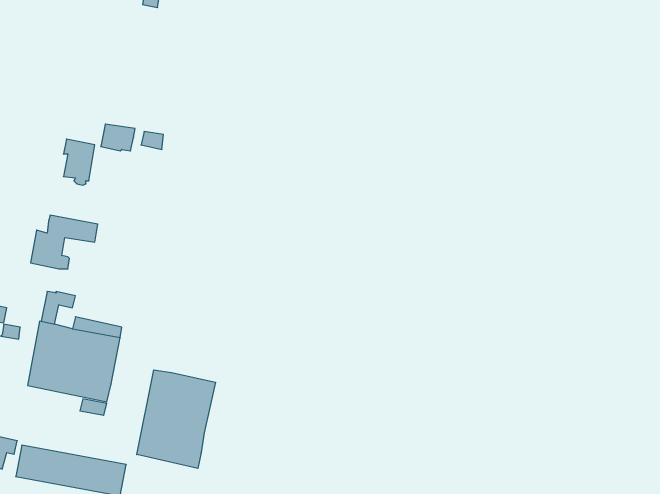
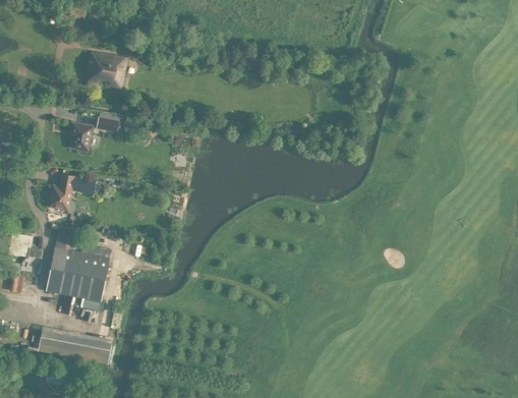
building: none -> [85,51,127,90]
building: [137,370,215,468] -> none

